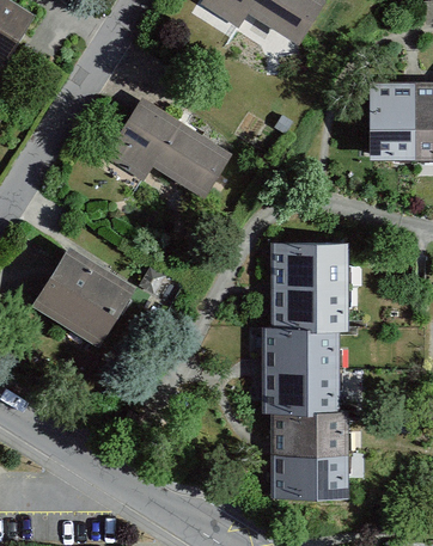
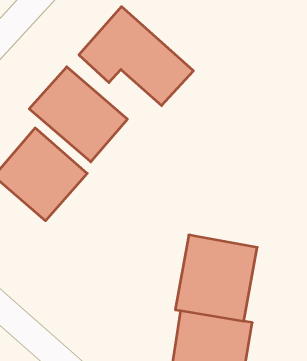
building: none -> [29,67,127,162]
building: [268,244,348,333] -> none

